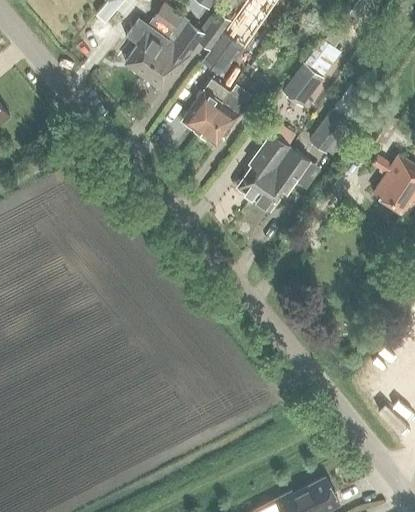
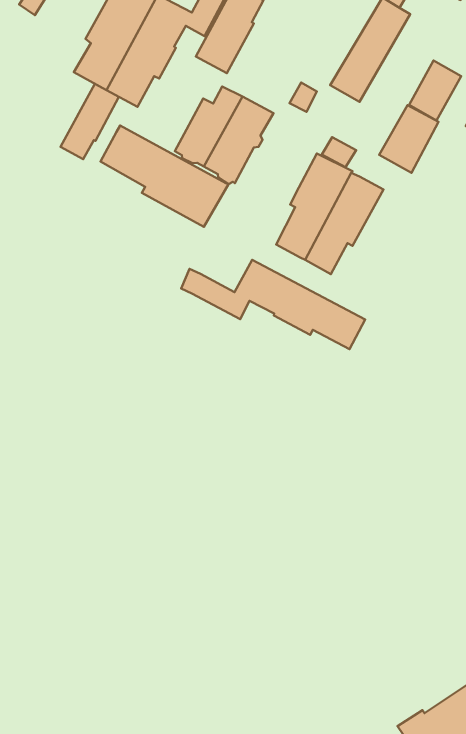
building: none -> [60,84,119,159]
building: none -> [101,126,229,227]
building: none -> [181,260,365,349]

